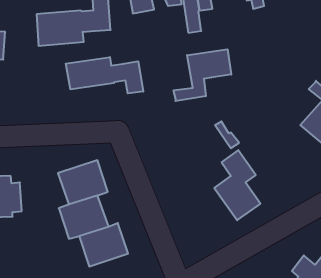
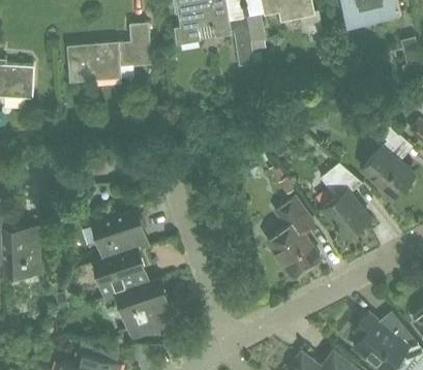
building: [174,49,231,101] -> none
building: [66,57,143,93] -> none
building: none -> [320,164,368,240]

